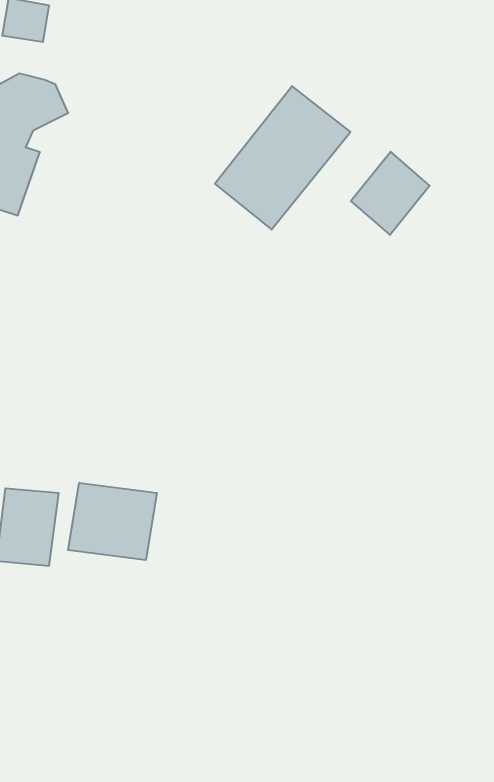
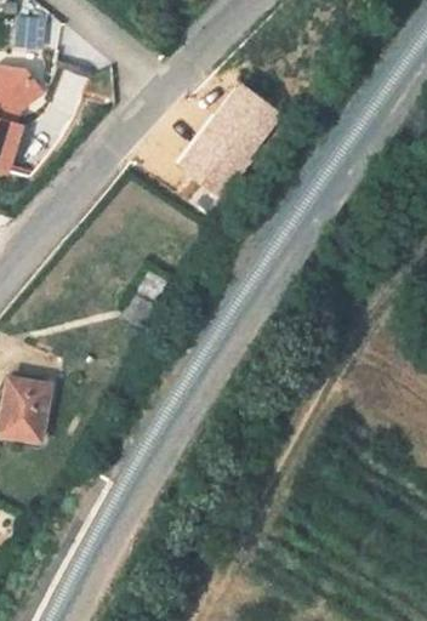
building: [351,152,430,235] -> none
building: [68,483,157,560] -> none

